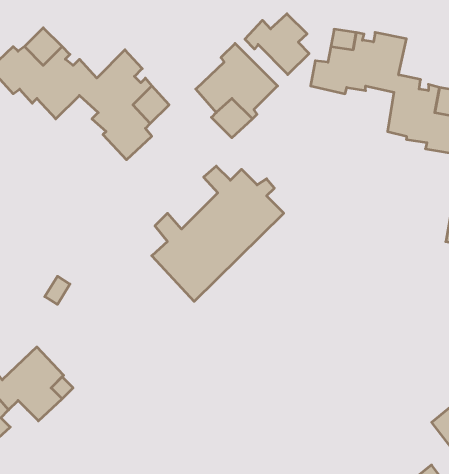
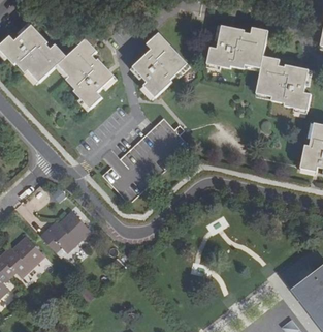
building: [245,14,309,75] -> none
building: none -> [41,210,89,252]

